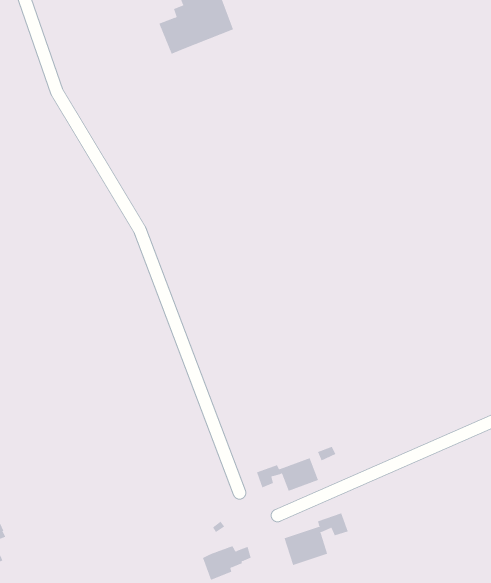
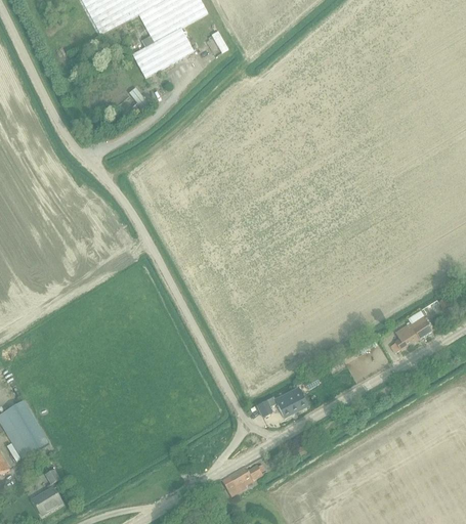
building: none -> [390,315,432,352]
building: [284,512,348,566] -> none

